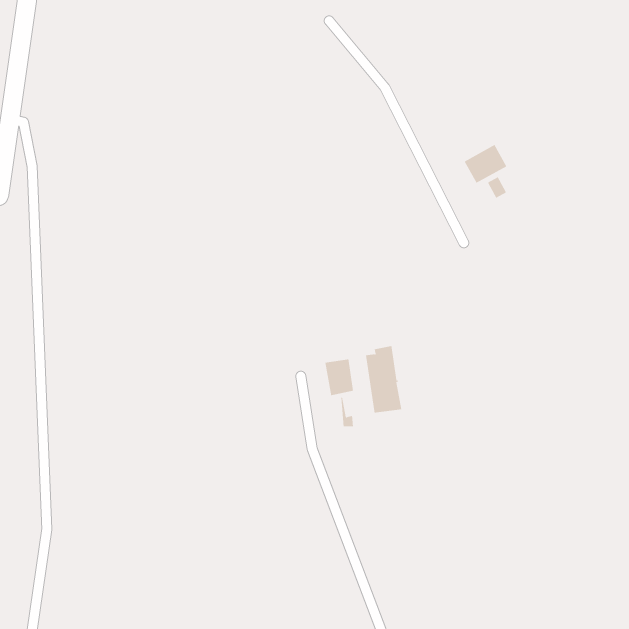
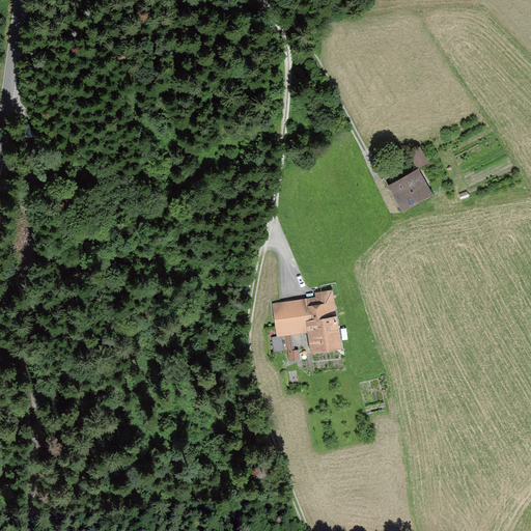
building: [464,144,507,184] -> [391,174,427,207]

